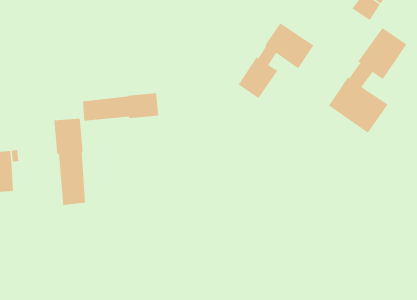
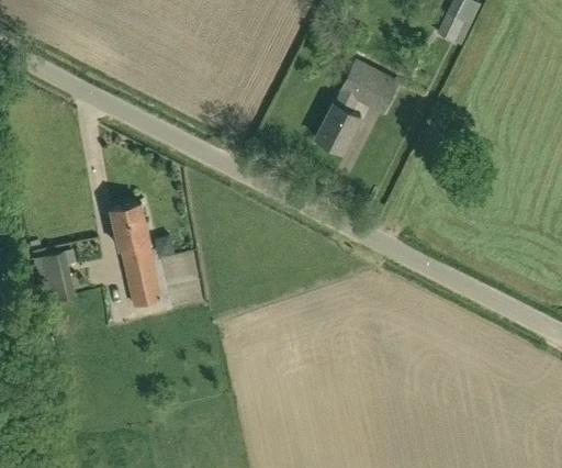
building: [328,27,407,134] -> none
building: [82,92,159,121] -> none

